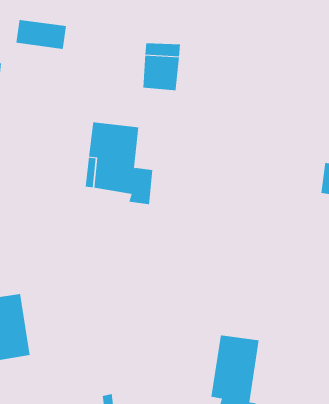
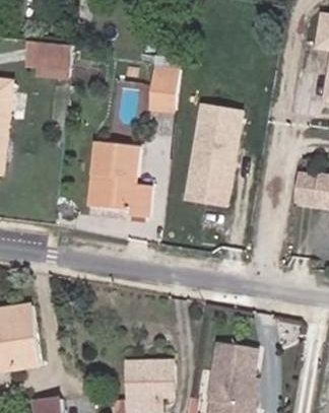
building: none -> [198,107,248,204]
building: none -> [121,362,169,399]

